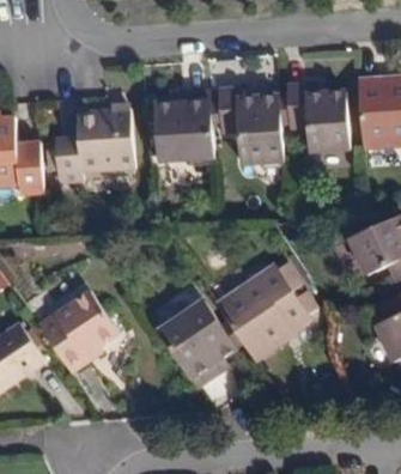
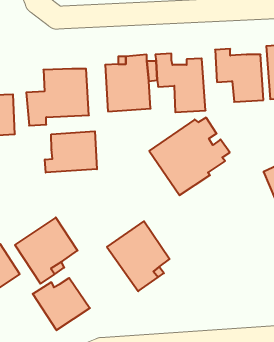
building: none -> [45,131,97,173]
building: [217,262,318,360] -> [149,118,230,195]
building: none -> [33,278,90,330]

